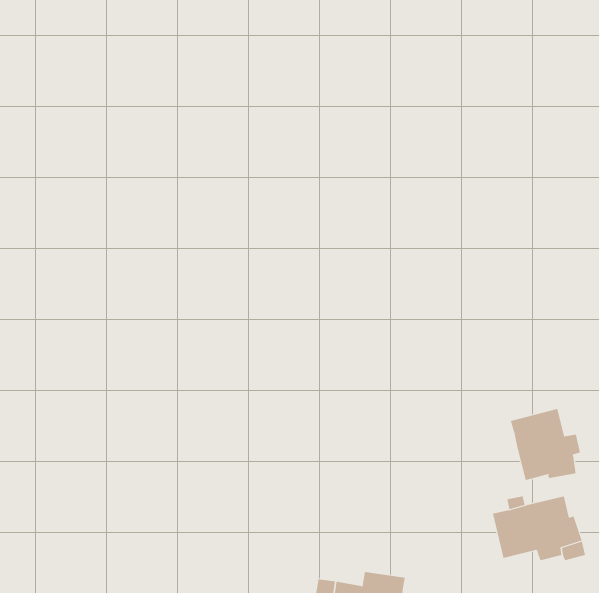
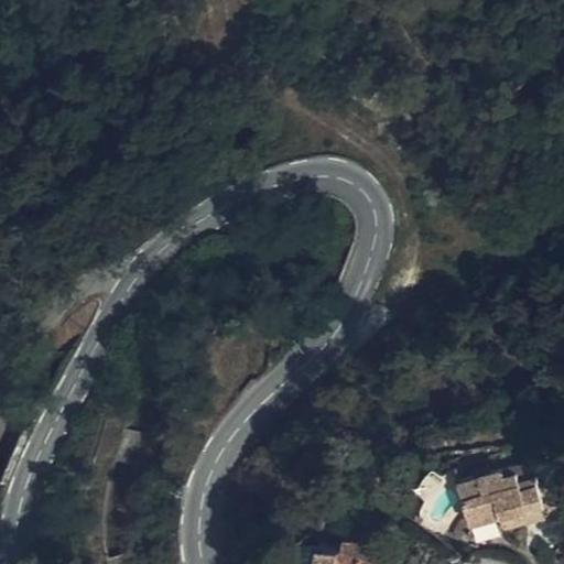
building: [510,408,581,481] -> none

